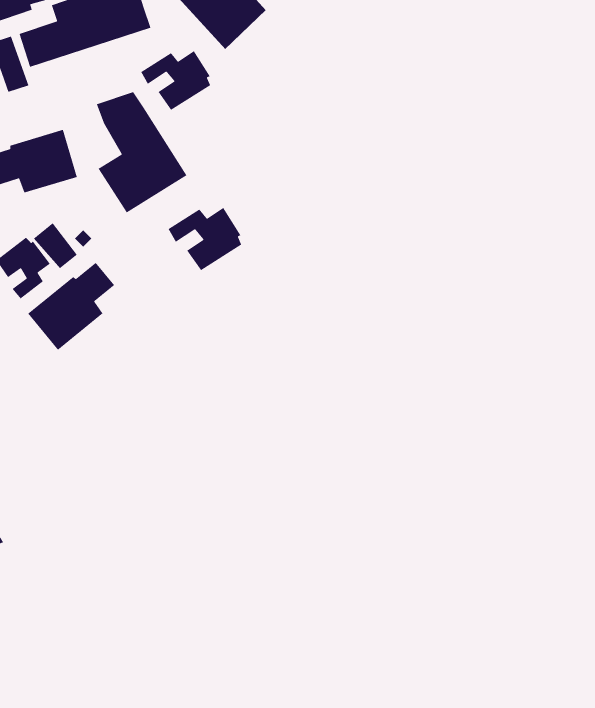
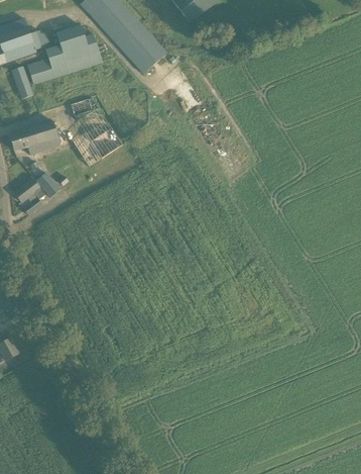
building: [140,50,211,111] -> none
building: [167,207,242,271] -> none
building: [27,262,115,351] -> none

